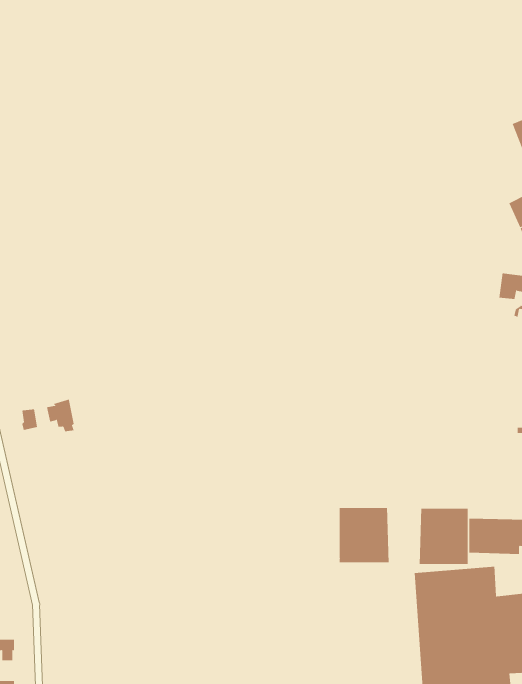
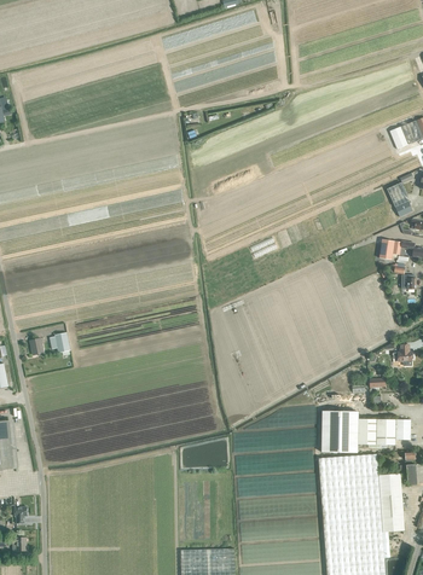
building: [339,507,389,563] -> none

